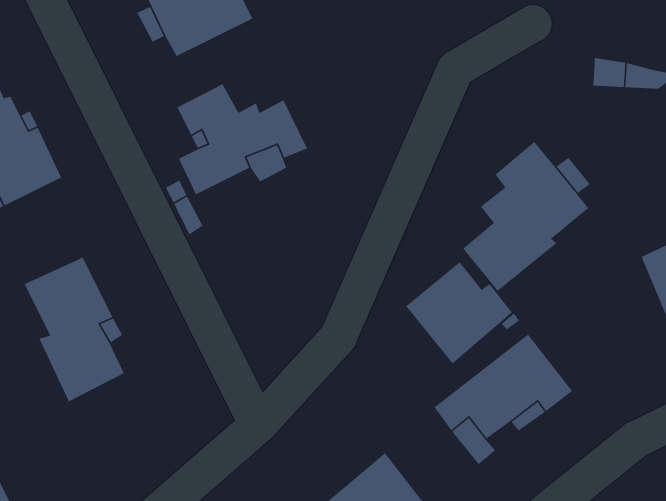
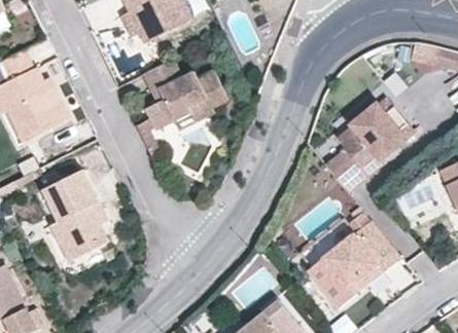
building: [405,261,513,364] -> none

